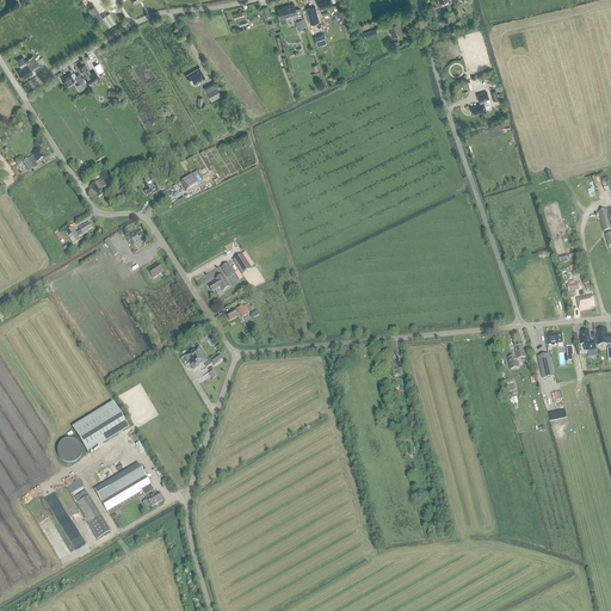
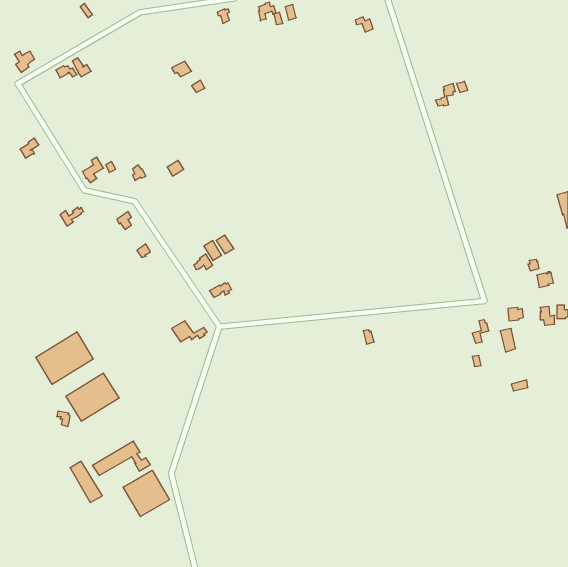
building: none -> [36,332,93,384]
building: none -> [123,470,170,517]

